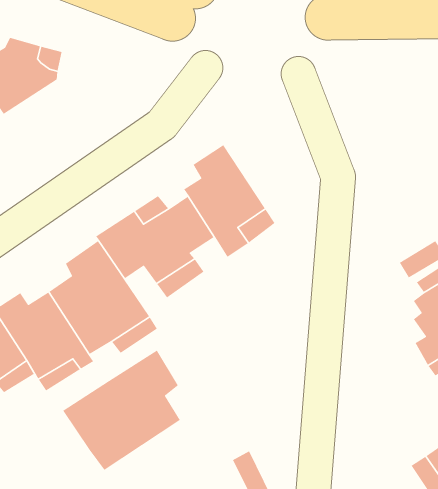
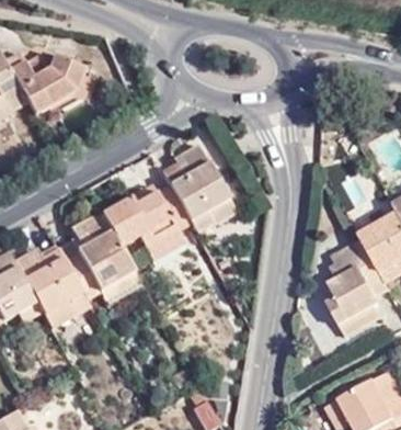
building: [62,350,181,471] -> none

